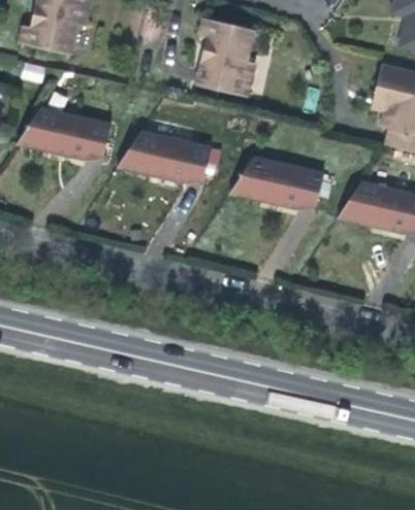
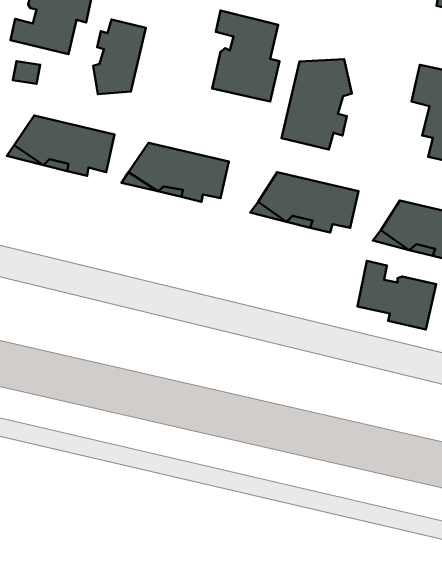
building: none -> [93,19,146,94]
building: none -> [282,59,352,150]
building: none -> [358,261,436,329]

